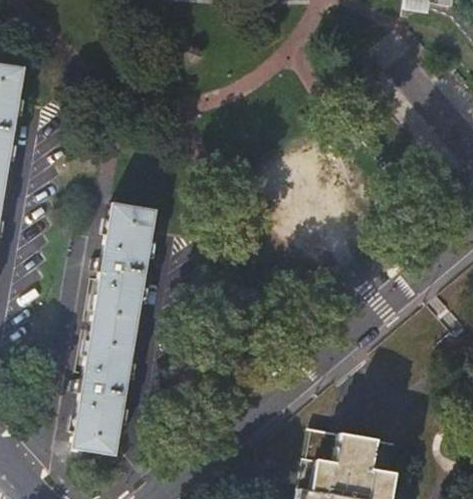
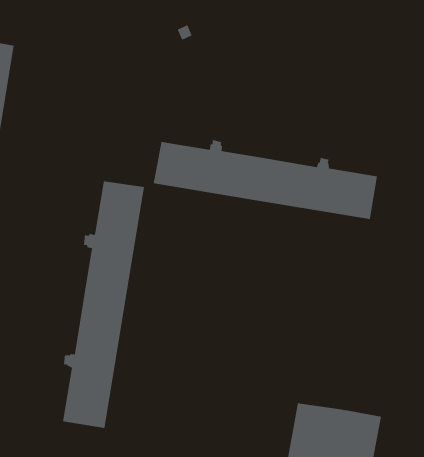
building: none -> [153,139,378,220]

